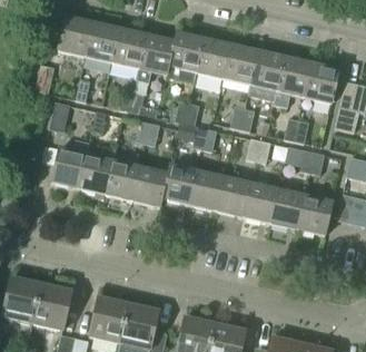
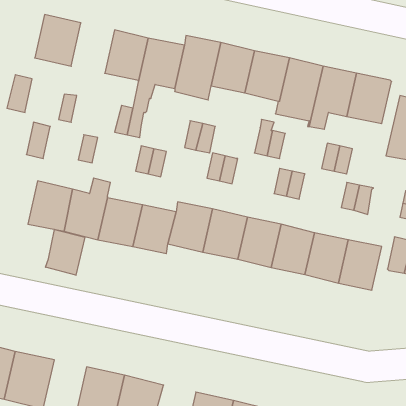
building: [86,22,120,62] -> none
building: none -> [46,229,85,275]

